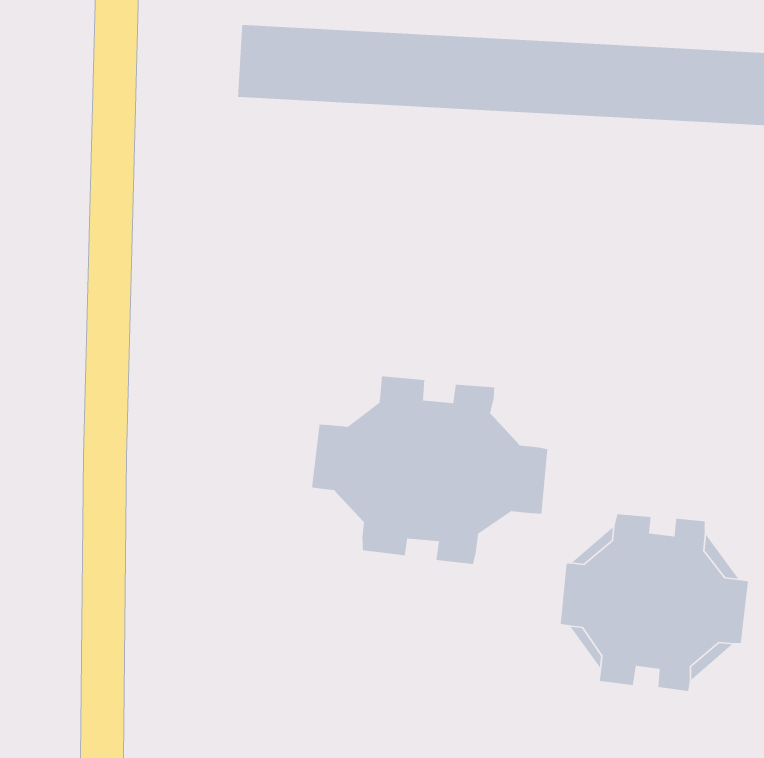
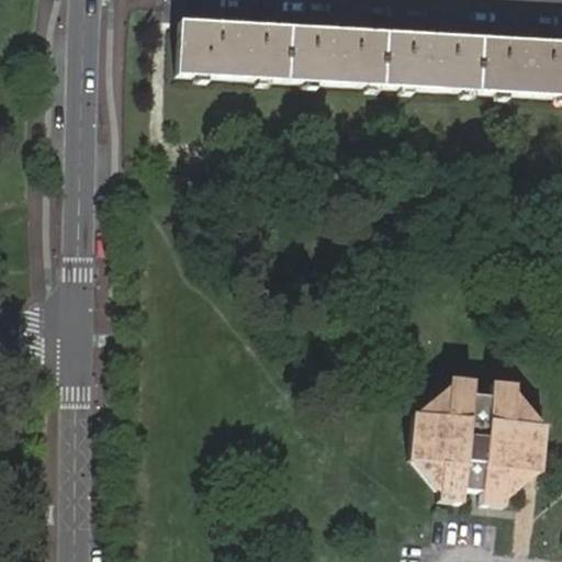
building: [311,375,548,565] -> none

